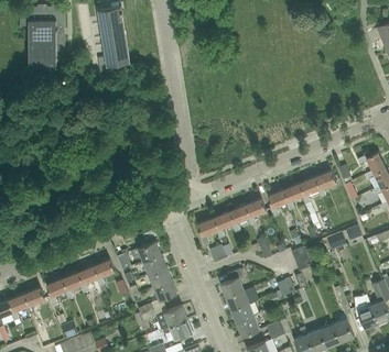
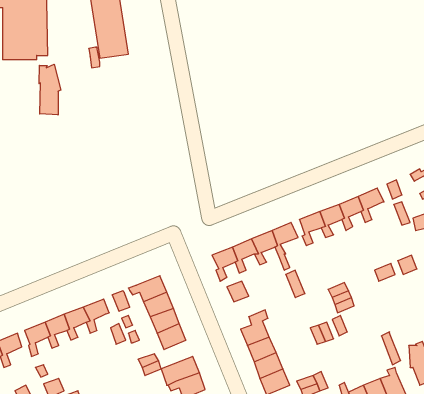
building: none -> [39,64,61,115]

